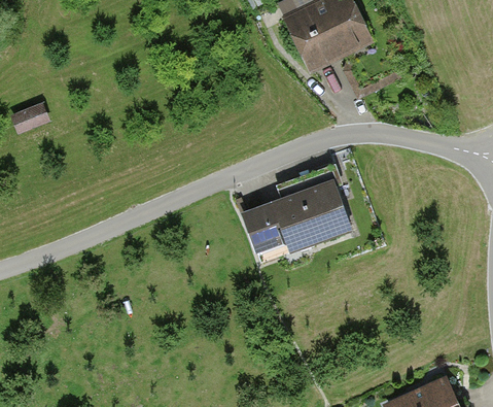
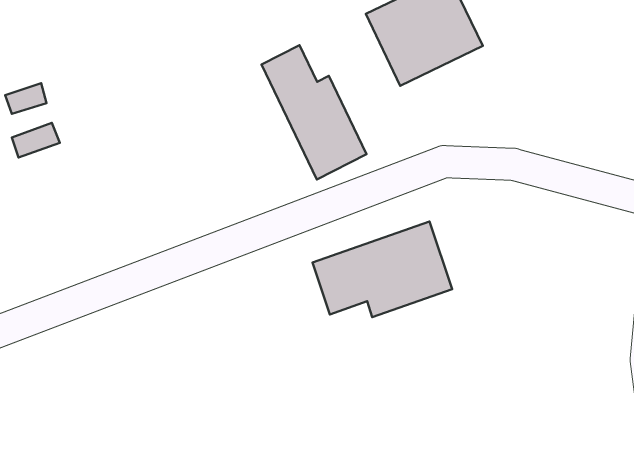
building: none -> [261,45,367,180]

